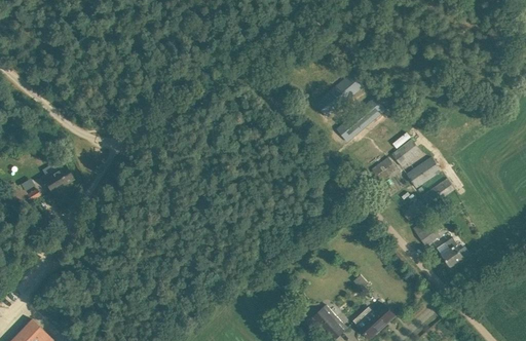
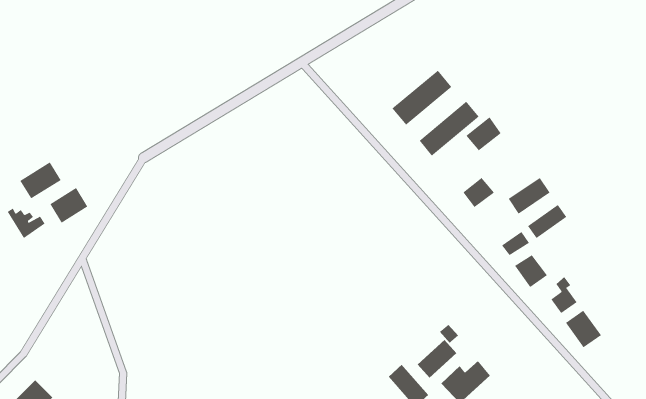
building: [392,139,421,166] -> [465,116,502,151]
building: none -> [19,162,62,199]
building: none -> [565,310,602,348]
building: none -> [417,339,457,379]

